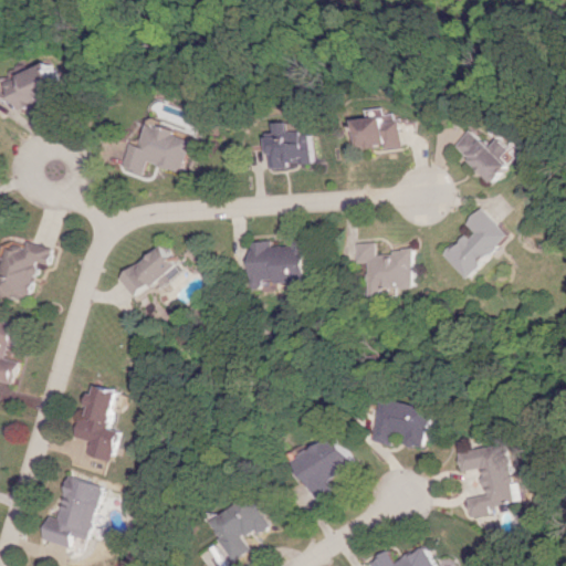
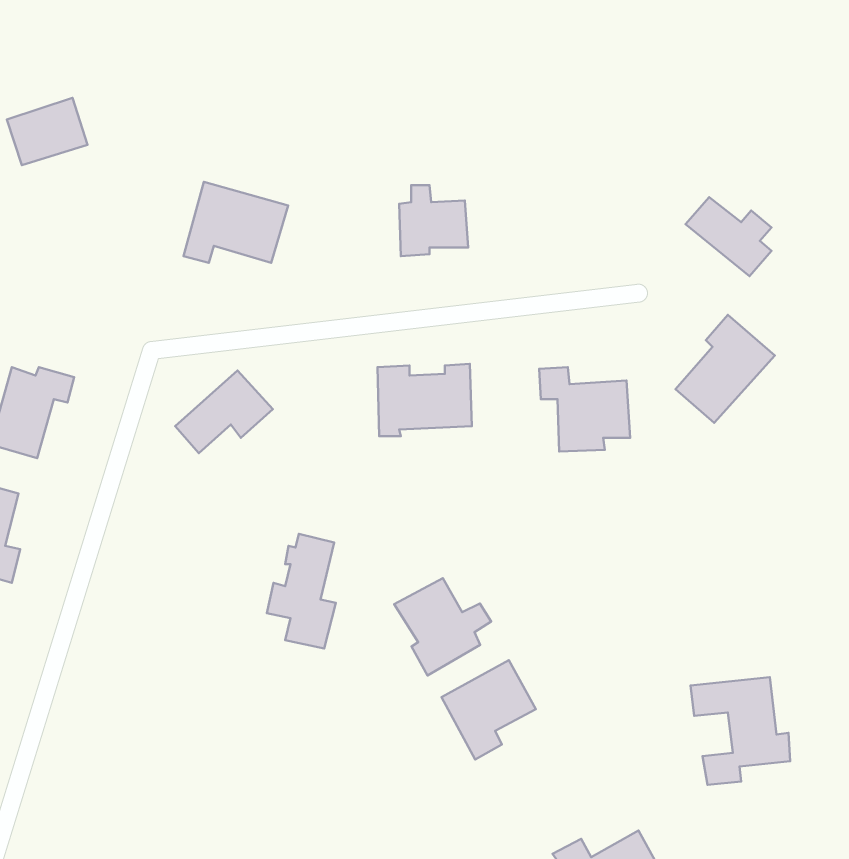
building: [346,108,396,149] -> none
building: none -> [394,578,491,676]
building: [69,386,114,461] -> [267,534,336,648]
building: [368,397,430,449] -> none
building: [36,476,98,547] -> none
building: [208,495,271,560] -> none

